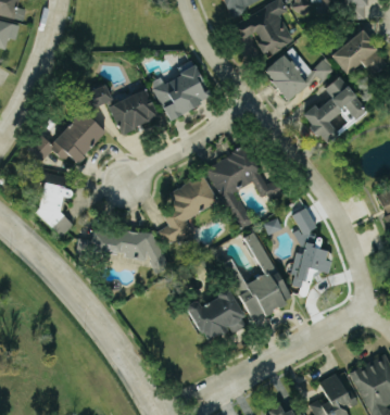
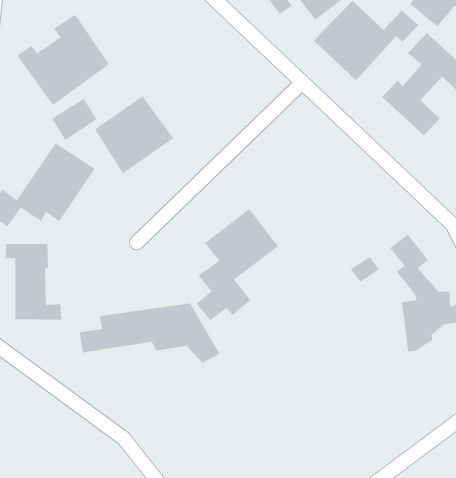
building: [150,61,211,120] -> [17,14,110,106]
building: [205,144,284,229] -> none
building: [221,231,292,322] -> none
building: [186,286,247,343] -> none

